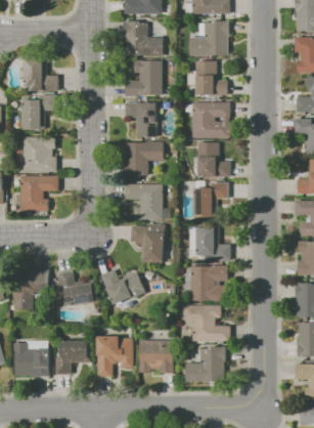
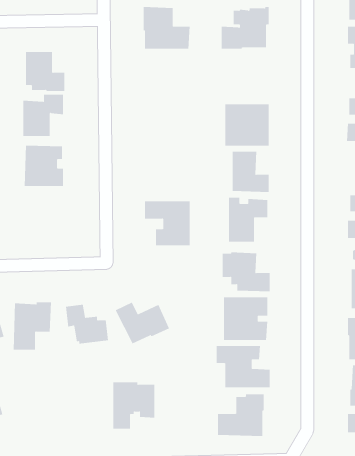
building: [125,59,163,95] -> none
building: [195,60,226,95] -> none
building: [124,101,158,136] -> none
building: [123,141,164,180] -> none
building: [19,175,57,211] -> none
building: [130,223,165,262] -> none
building: [15,340,49,375] -> none
building: [55,340,90,374] -> none
building: [138,340,174,372] -> none

